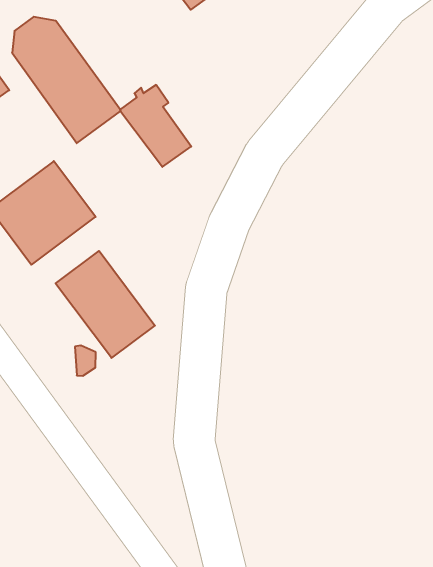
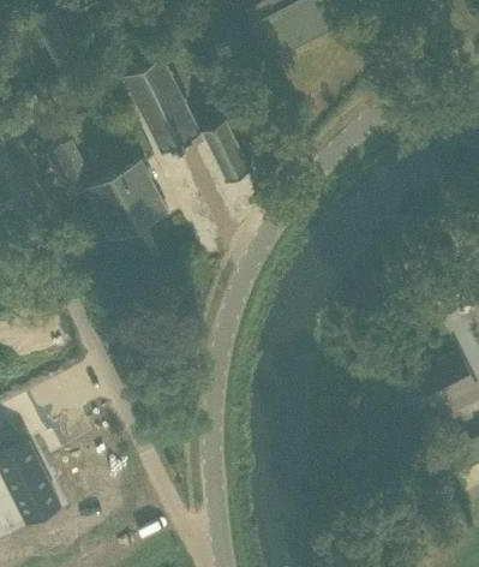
building: [56,251,155,358] -> none

